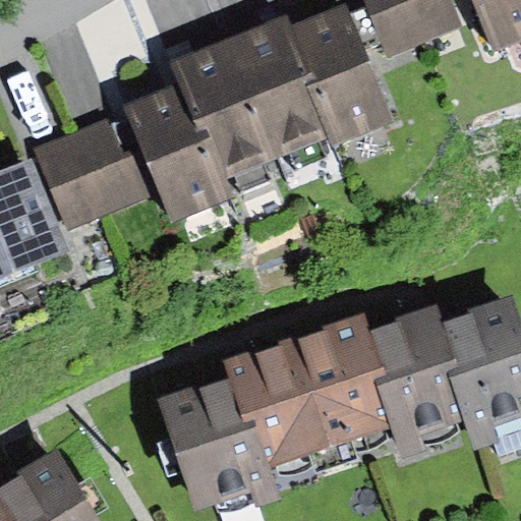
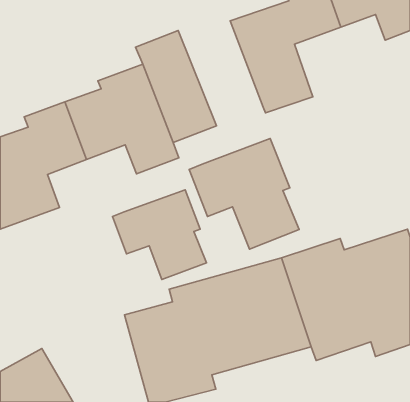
building: [226,13,334,160] -> none
building: none -> [189,138,299,249]
building: none -> [112,190,206,280]

